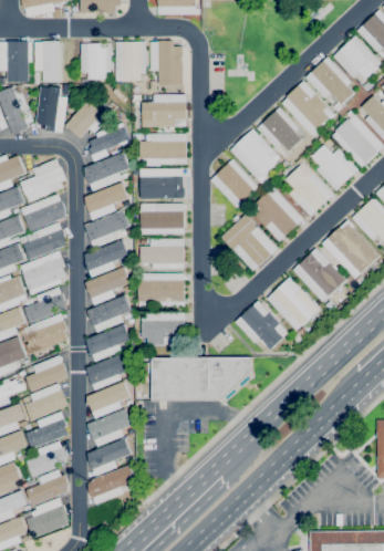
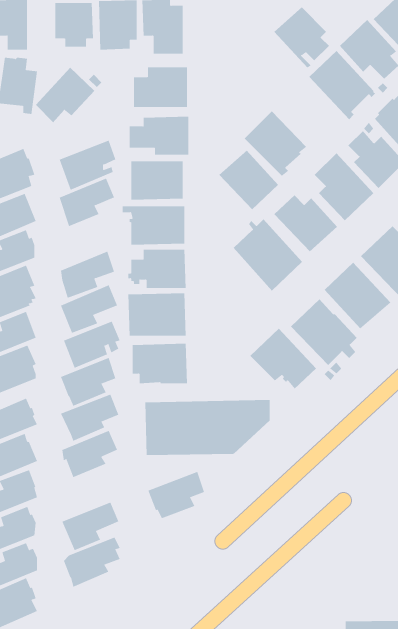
building: [257,107,301,156] -> [274,7,330,68]
building: [89,122,129,162] -> none
building: [84,209,129,248] -> none
building: [86,408,132,446] -> [147,471,205,519]

